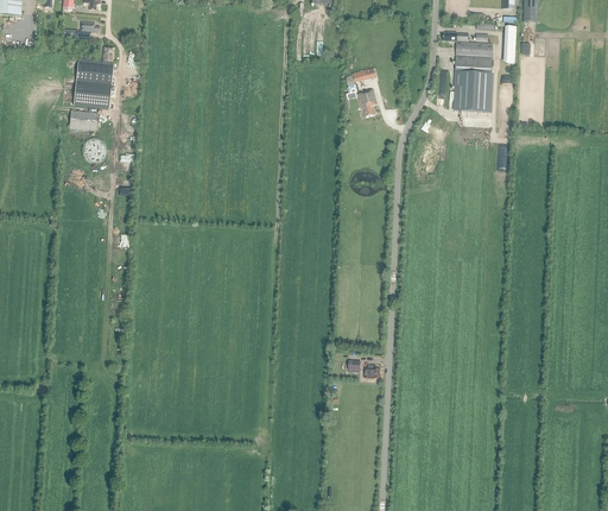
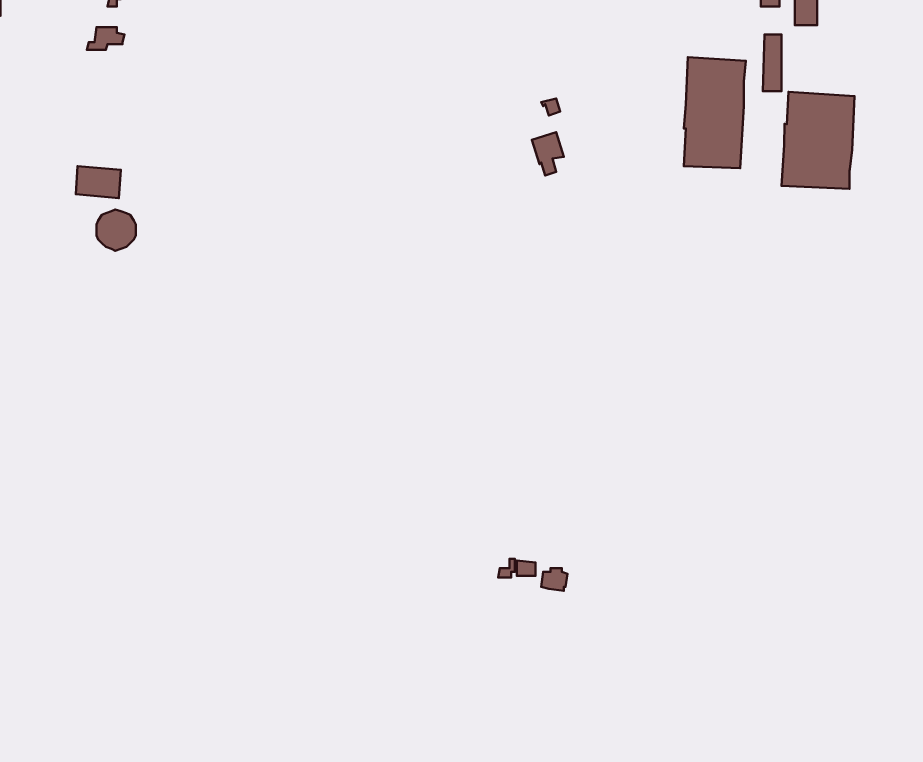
building: [72,45,113,107] -> none
building: none -> [781,92,854,189]

